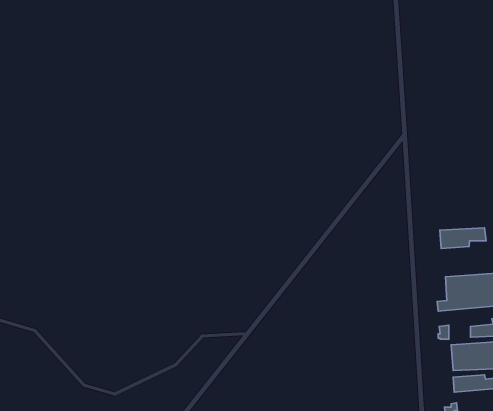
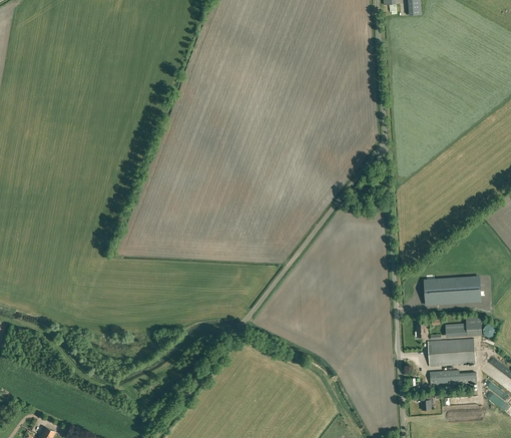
building: [440,228,486,248] -> none

